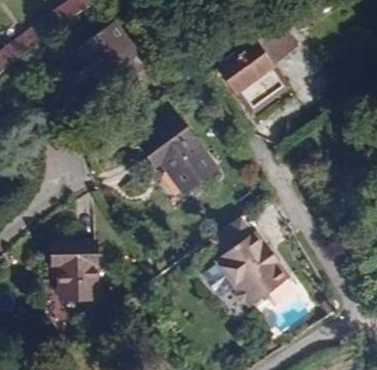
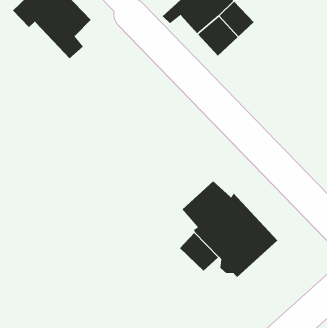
building: [140,120,215,194] -> none
building: [50,240,94,298] -> none

